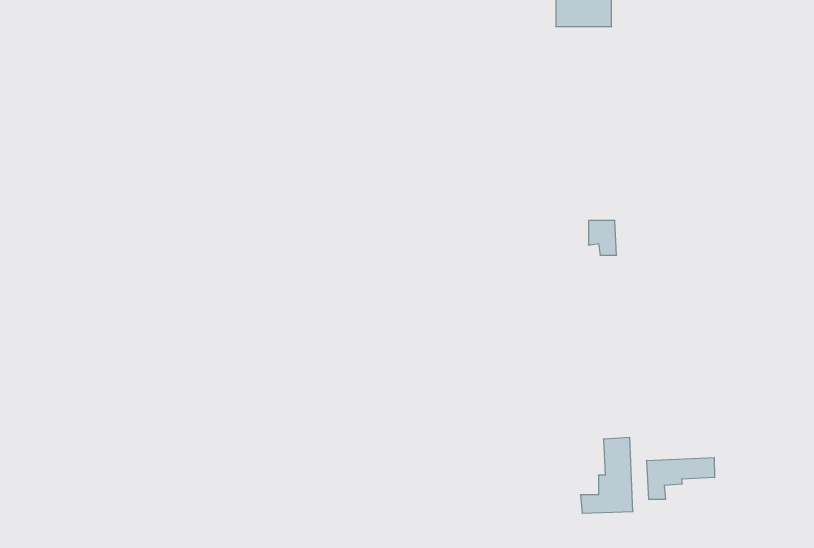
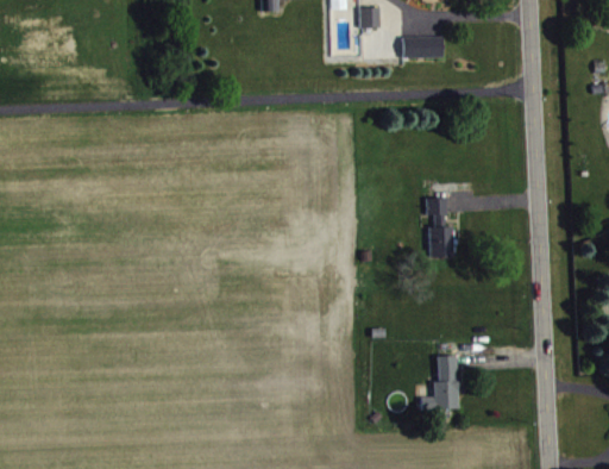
building: none -> [429,226,453,257]
building: [647,457,715,500] -> none

